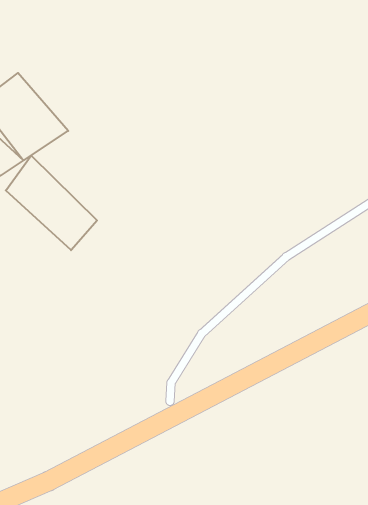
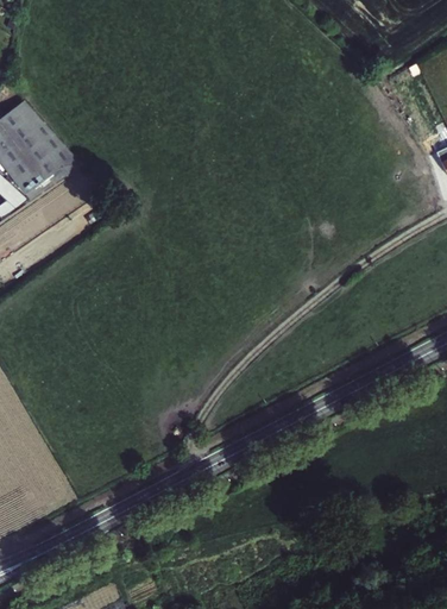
building: [6,155,97,250] -> none

